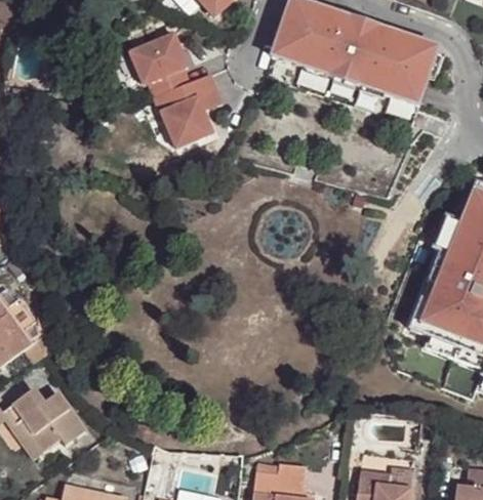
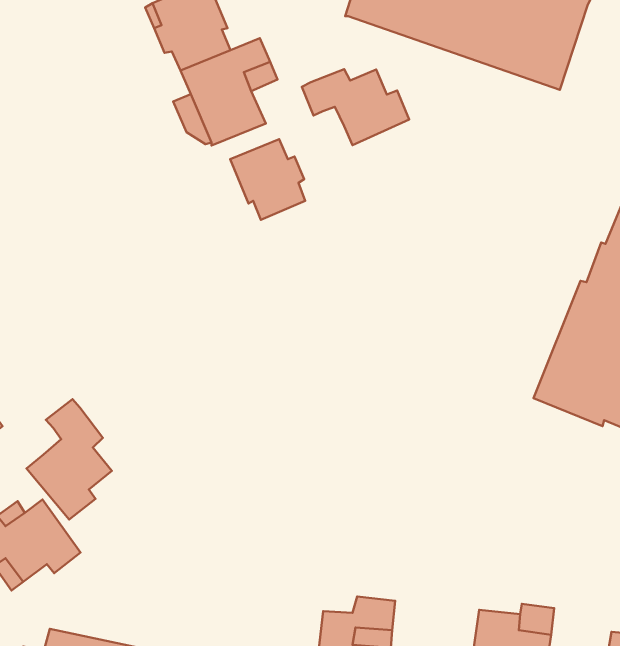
building: none -> [302,69,409,145]
building: none -> [230,139,305,220]
building: none -> [26,399,112,520]

